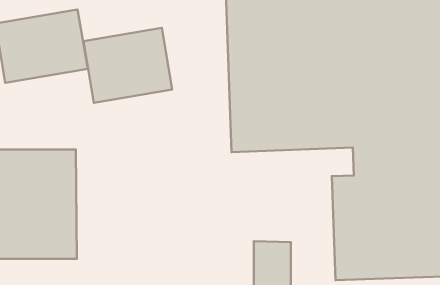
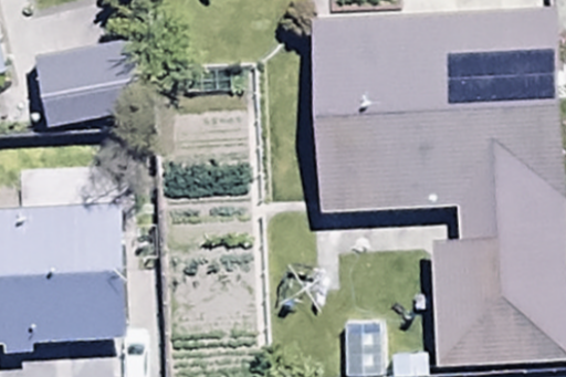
building: [84,28,172,103] -> none

